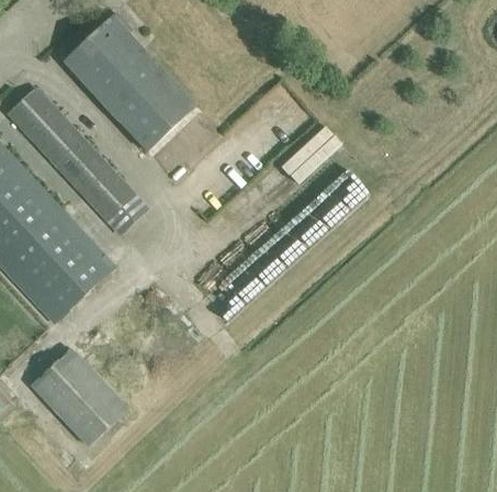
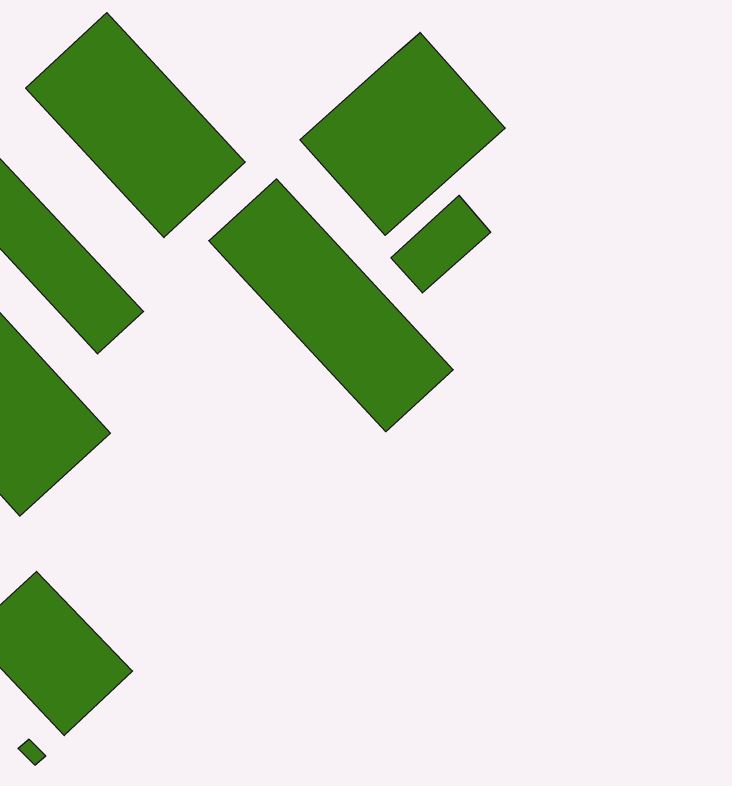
building: none -> [300,32,505,235]
building: none -> [209,179,453,432]

